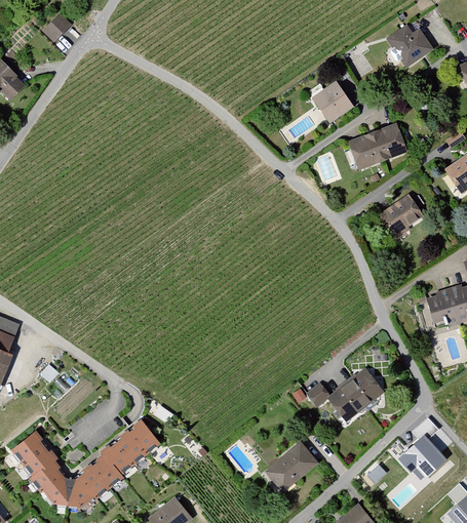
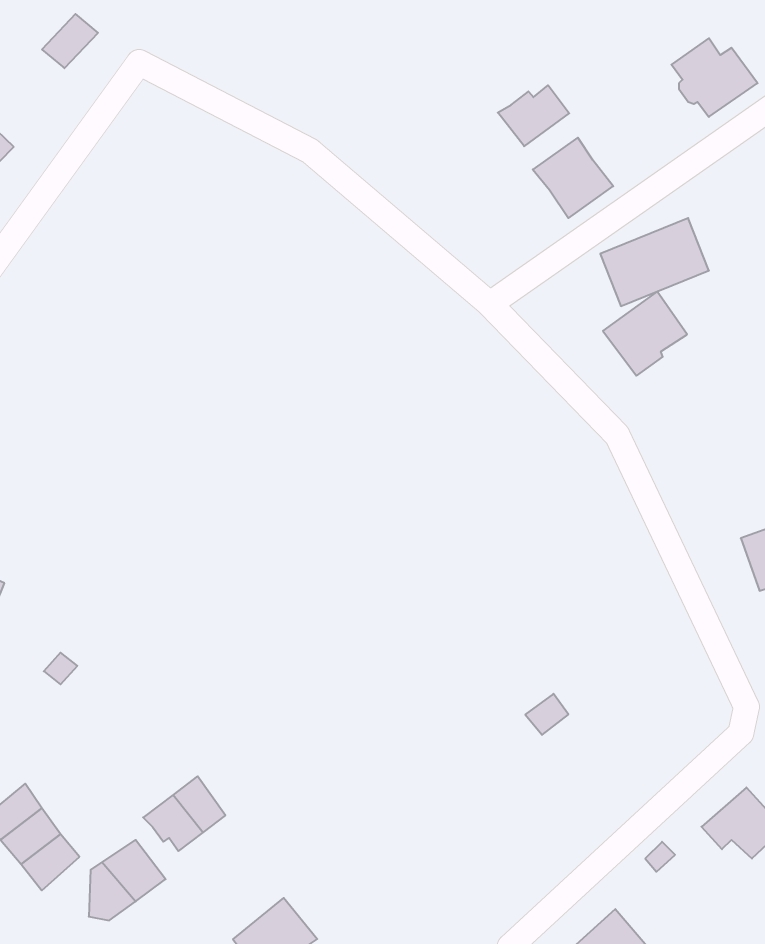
building: none -> [498,85,569,146]
building: [378,194,424,240] -> [603,291,687,376]
building: [327,368,383,423] -> none
building: [126,419,155,450] -> none
building: [264,441,318,494] -> none
building: [92,456,121,485] -> none
building: [41,473,68,506] -> none

